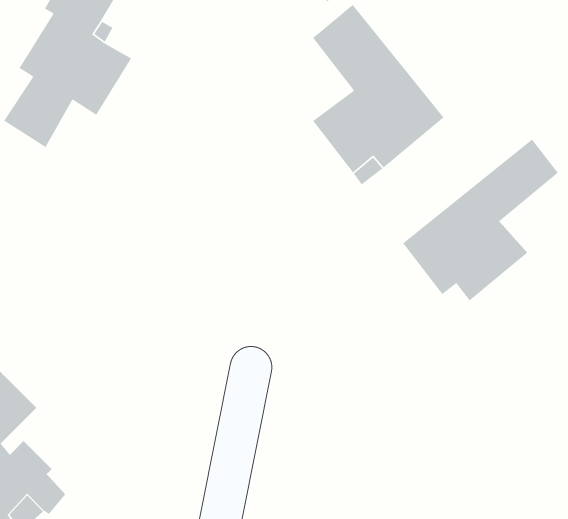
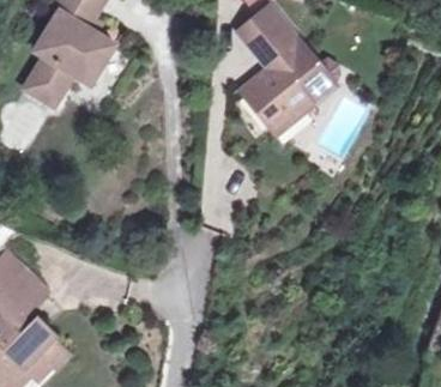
building: [402,138,559,301] -> none

